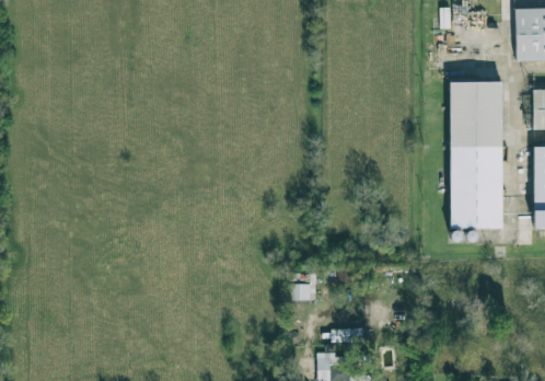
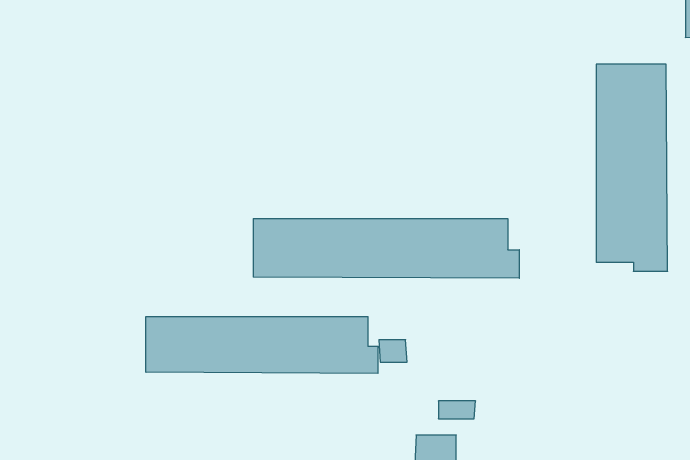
building: none -> [253,219,519,278]
building: none -> [146,317,378,373]

